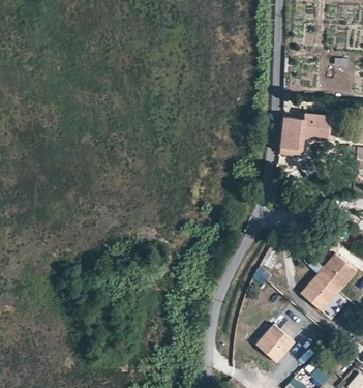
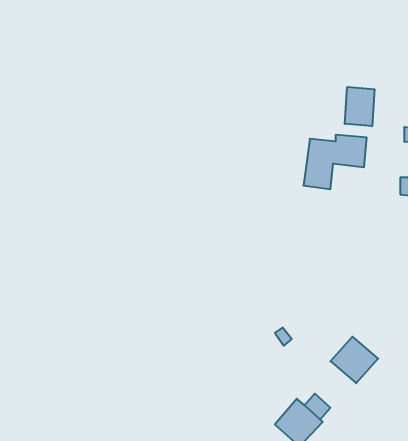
building: none -> [345,87,375,126]
building: [317,253,356,292] -> none

